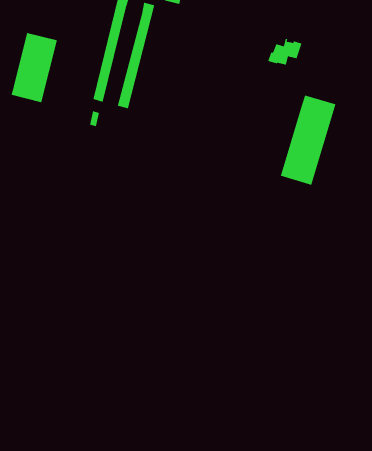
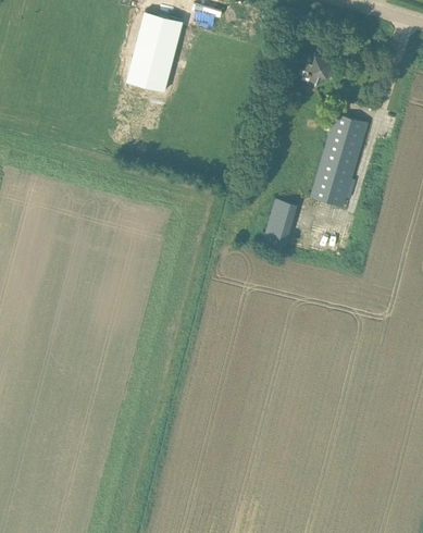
building: [11,32,58,103] -> none
building: none -> [270,201,295,243]

